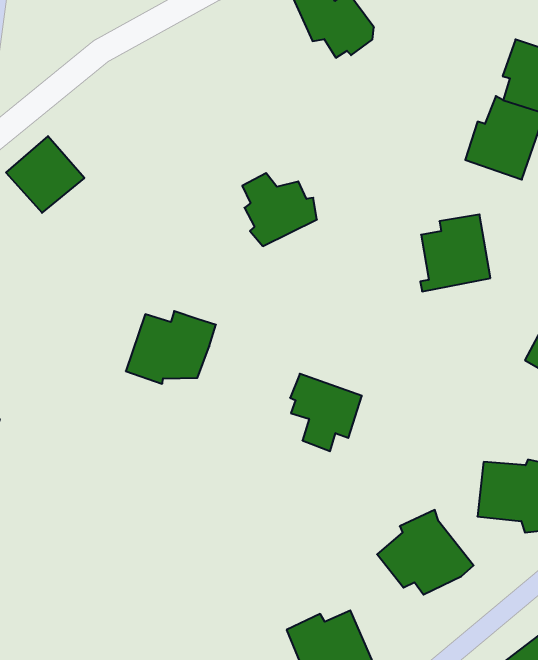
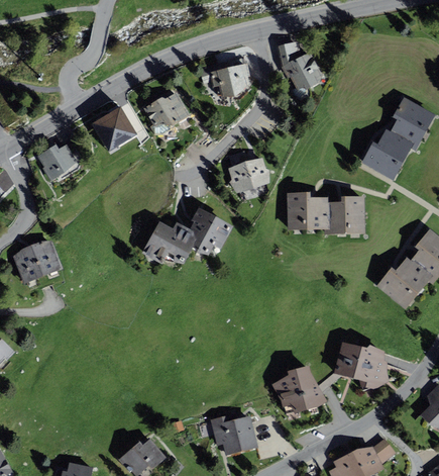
building: none -> [209,64,249,97]
building: none -> [143,92,189,126]
building: none -> [286,192,328,230]
building: [290,374,362,451] -> [189,207,232,256]

